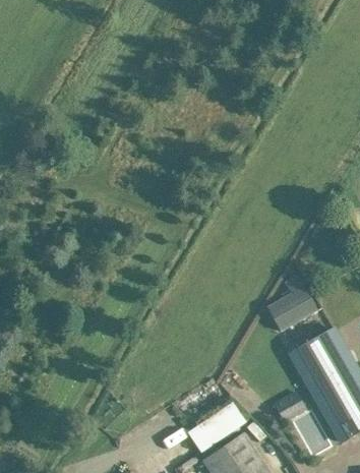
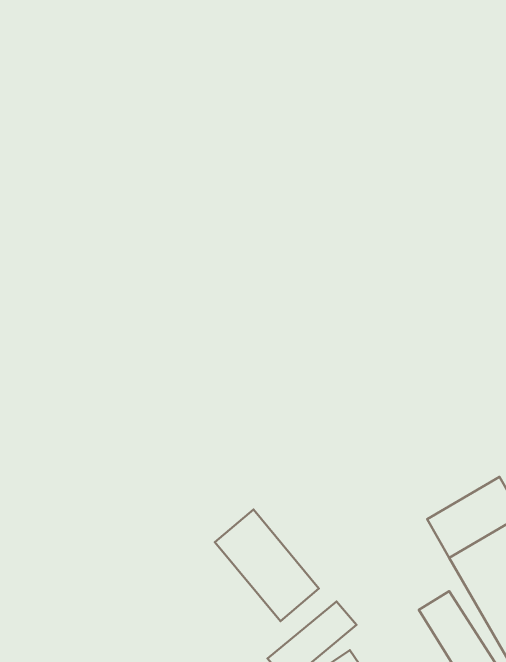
building: [267,289,315,332] -> none
building: none -> [215,509,319,621]

